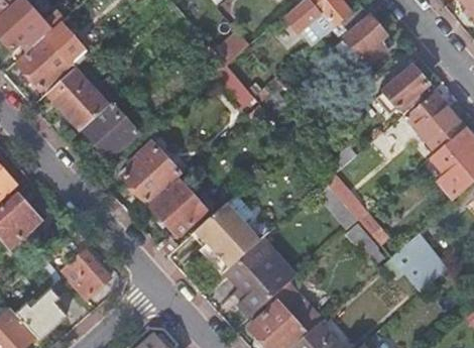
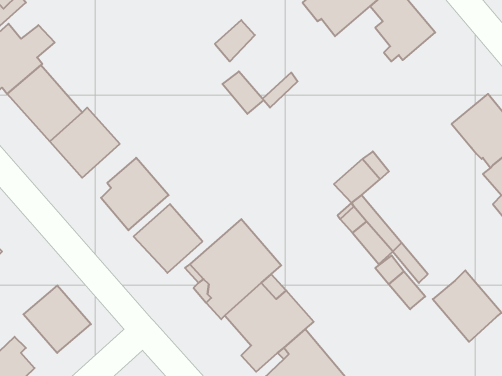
building: [376,67,427,114] -> none

